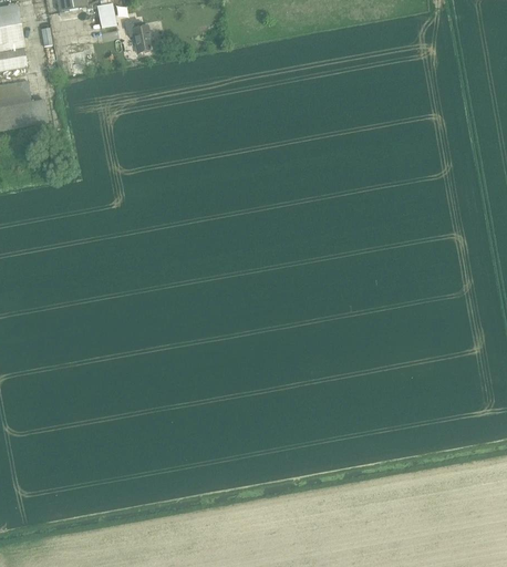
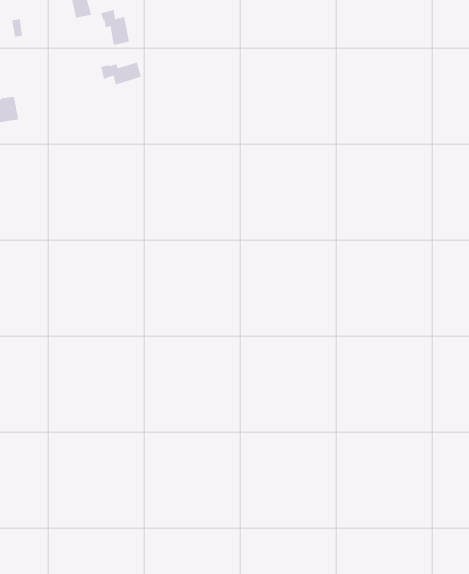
building: none -> [100,62,142,85]

